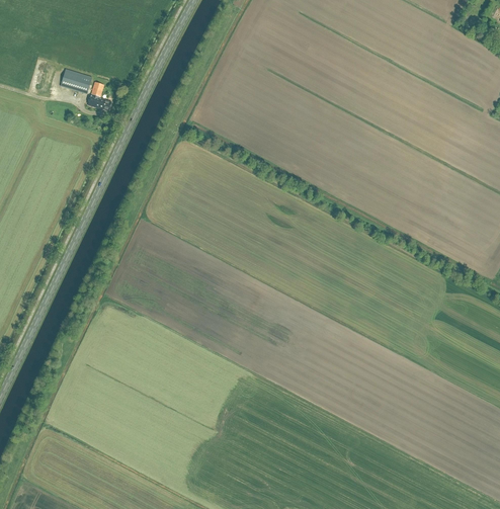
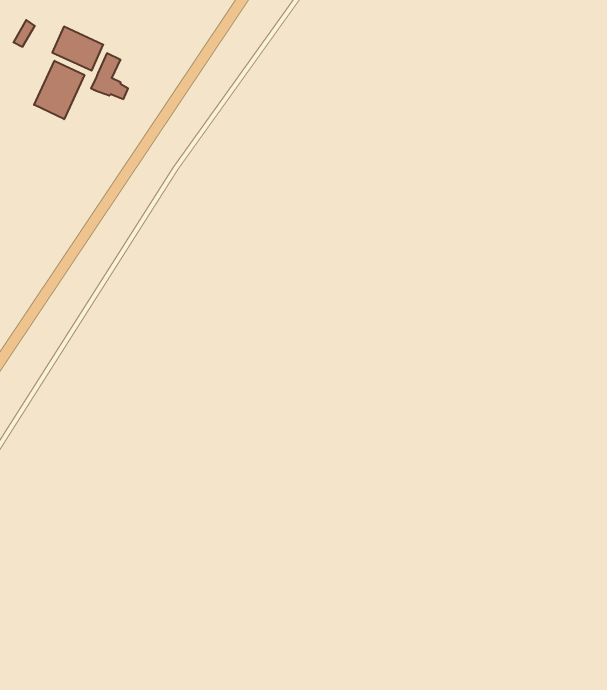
building: none -> [34,61,84,119]

